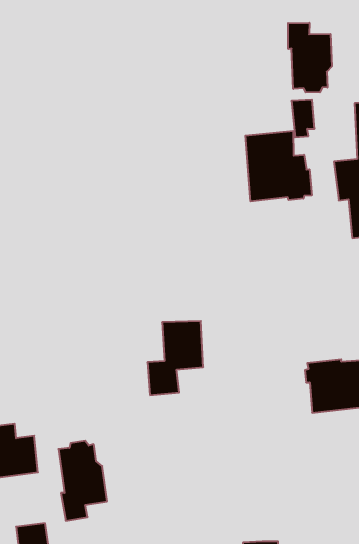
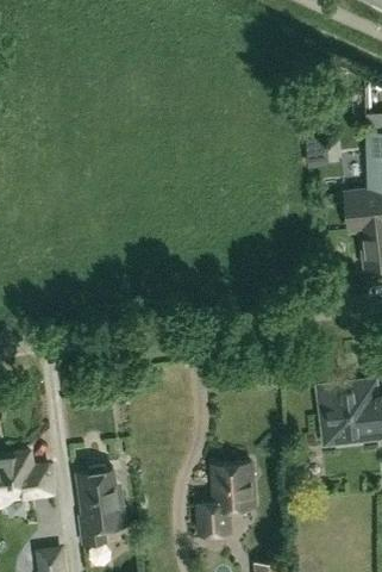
building: [288,23,332,92] -> none
building: [245,131,312,201] -> none
building: [147,321,203,395] -> [196,464,251,536]

